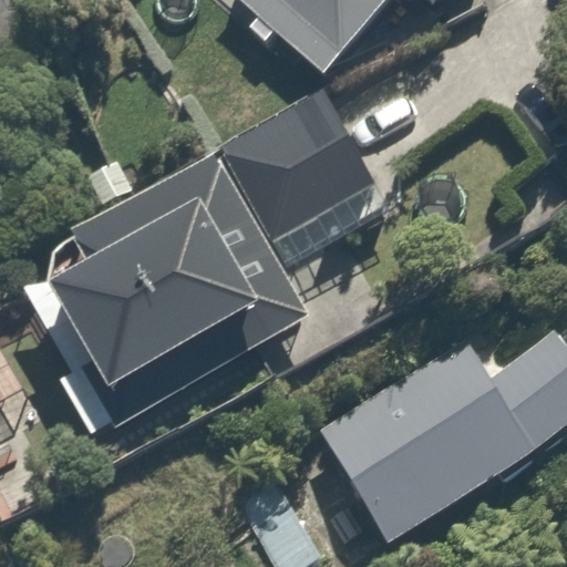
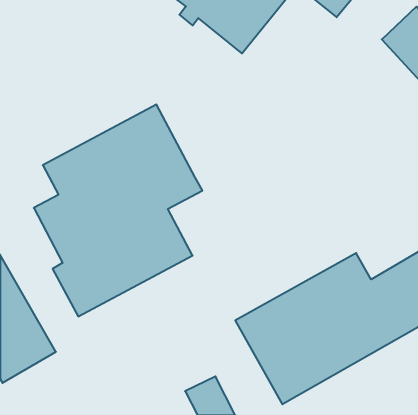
building: [214,85,371,239] -> none

